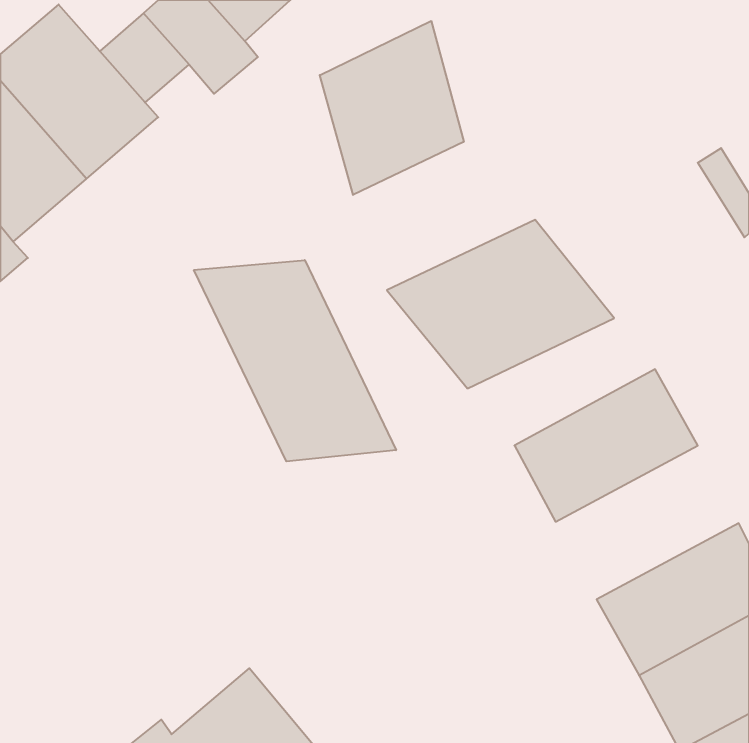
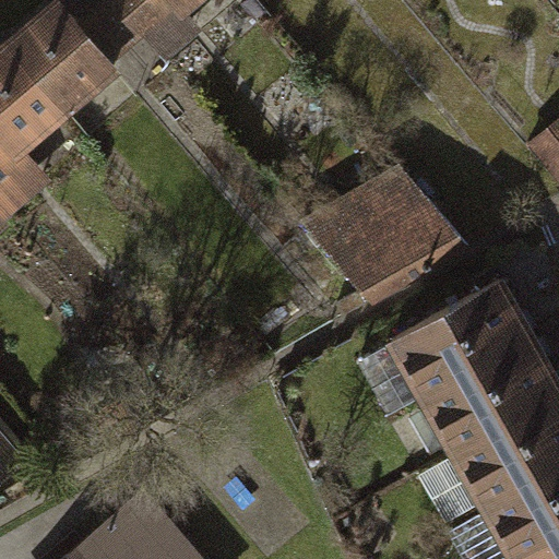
building: [320,21,464,195] -> none
building: [194,260,396,461] -> none
building: none -> [414,336,550,451]

